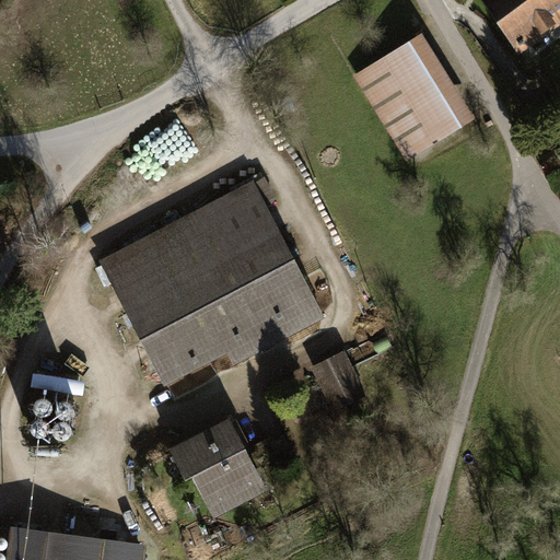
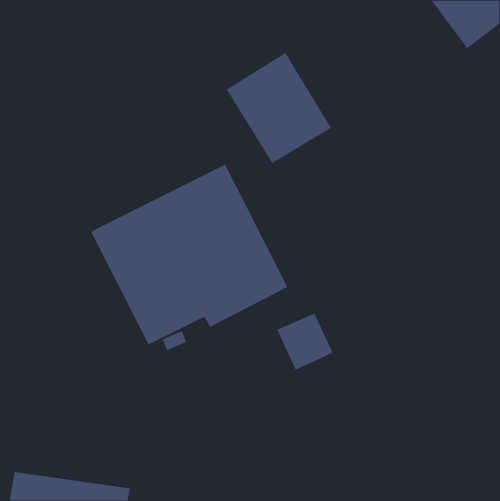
building: [357,35,475,160] -> [226,52,332,164]
building: [171,420,266,518] -> none

